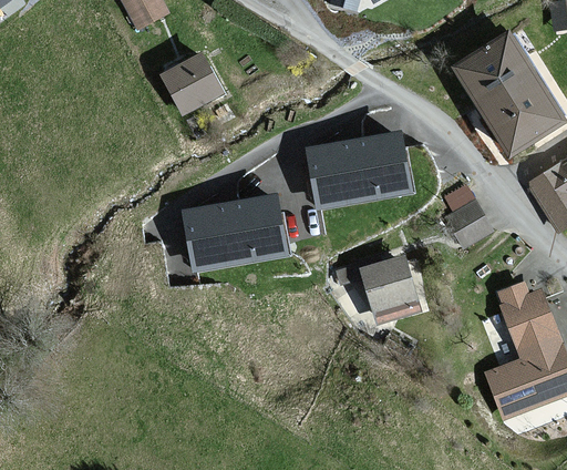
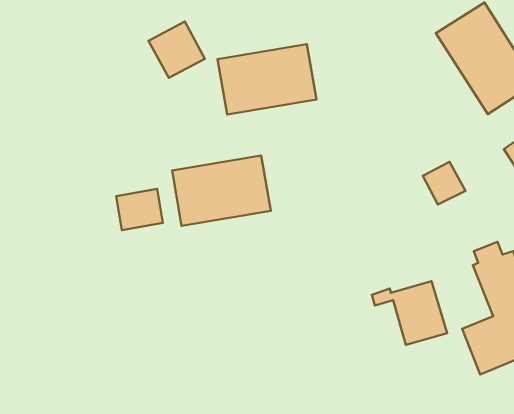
building: [309,132,412,205] -> [217,44,316,114]
building: none -> [116,189,163,230]
building: [337,256,415,323] -> [372,281,447,345]

